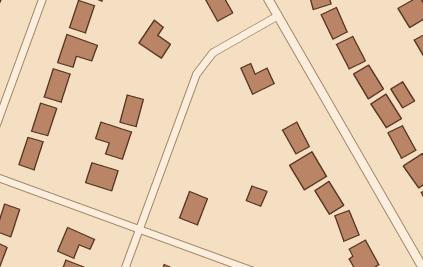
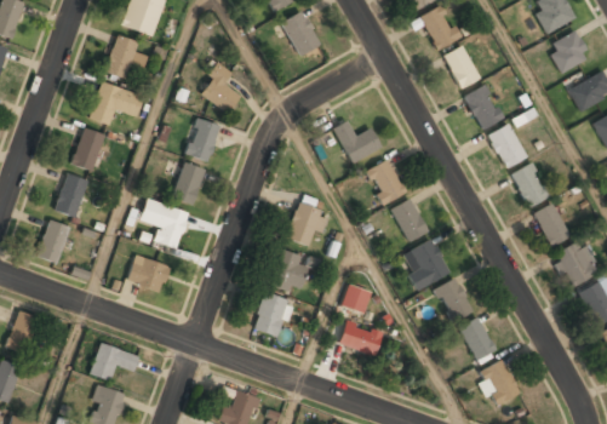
building: none -> [185,119,222,162]
building: [391,82,414,108] -> none
building: none -> [368,161,403,204]
building: none -> [286,197,330,247]
building: none -> [268,250,309,296]
building: none -> [339,321,382,356]

